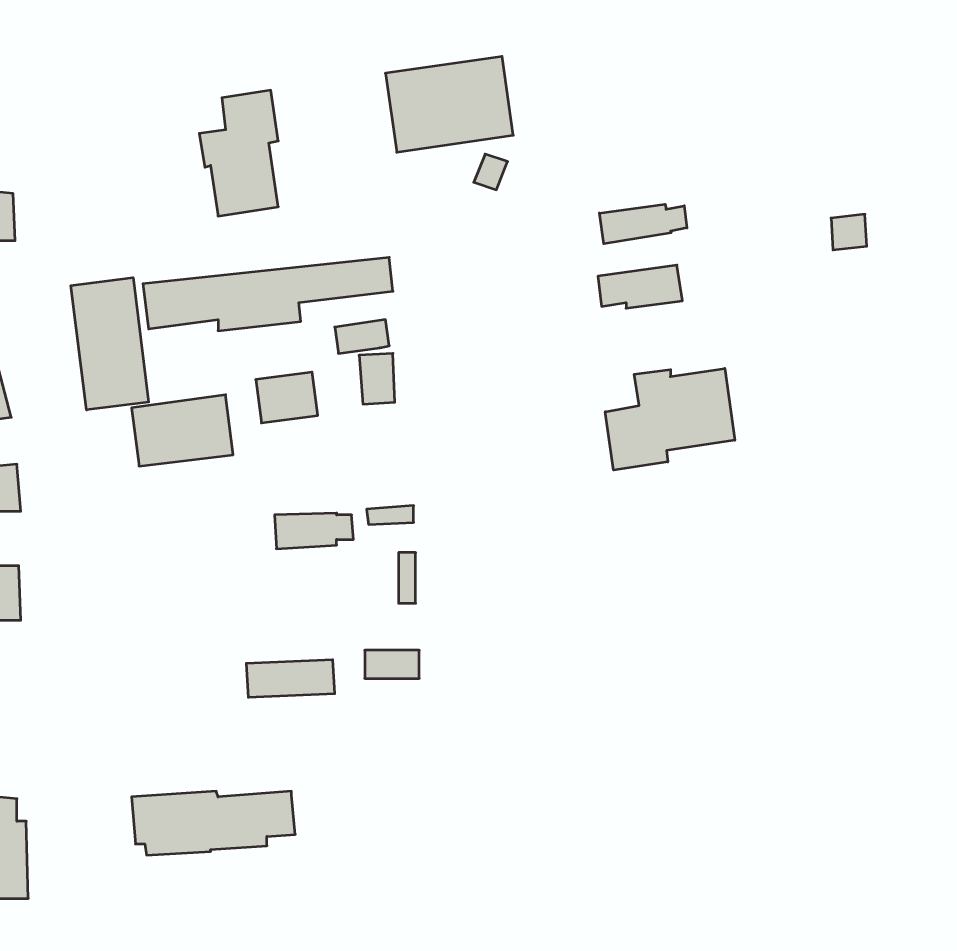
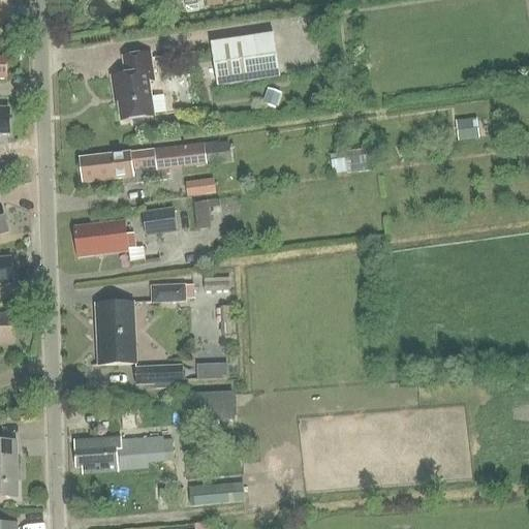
building: [599,204,687,244] -> none
building: [71,278,149,410] -> none
building: [605,368,735,470] -> none
building: none -> [95,301,134,362]
building: none -> [194,391,232,417]
building: none -> [188,480,242,503]

